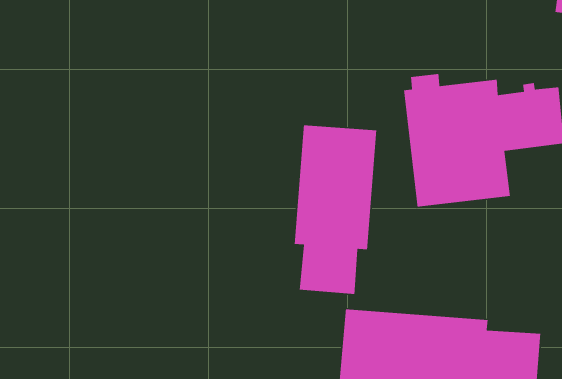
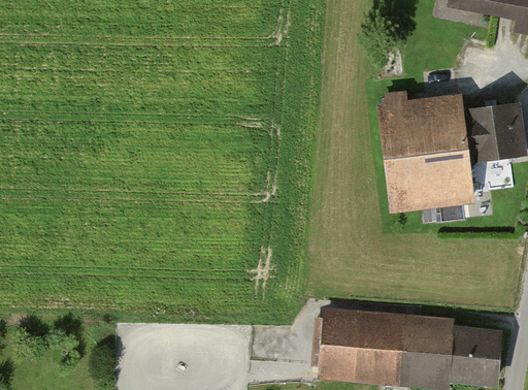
building: [294,124,377,295] -> none

